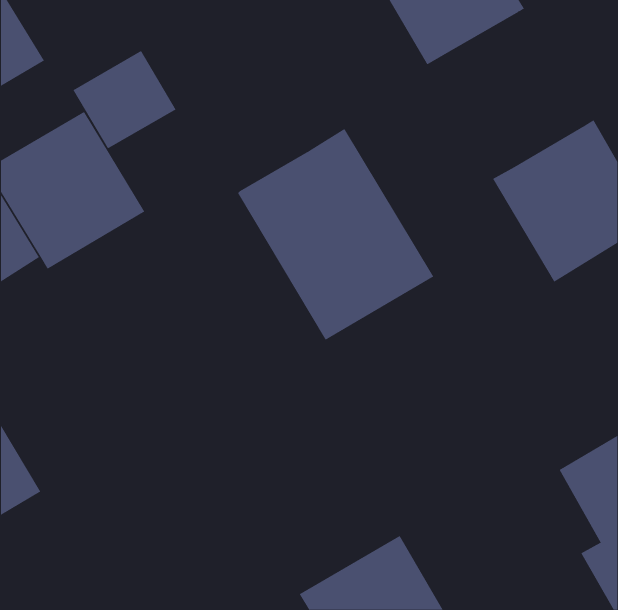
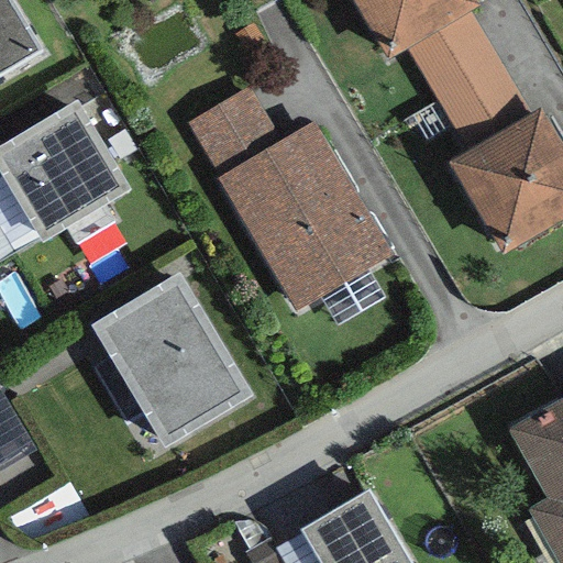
building: none -> [409,11,531,152]
building: [73,50,177,149] -> [186,84,280,174]
building: none -> [89,275,252,452]

